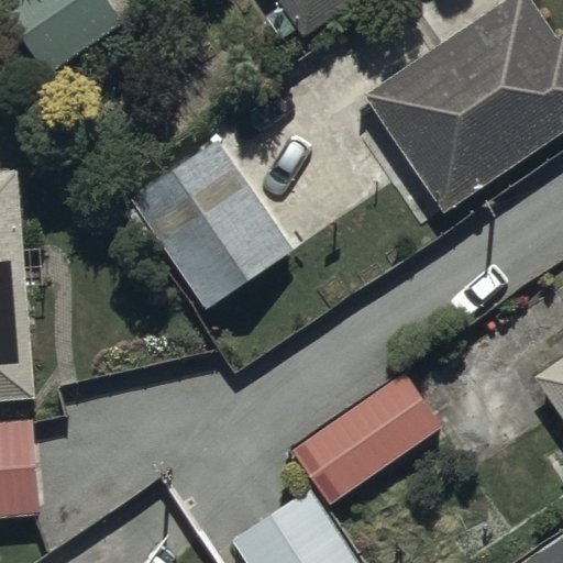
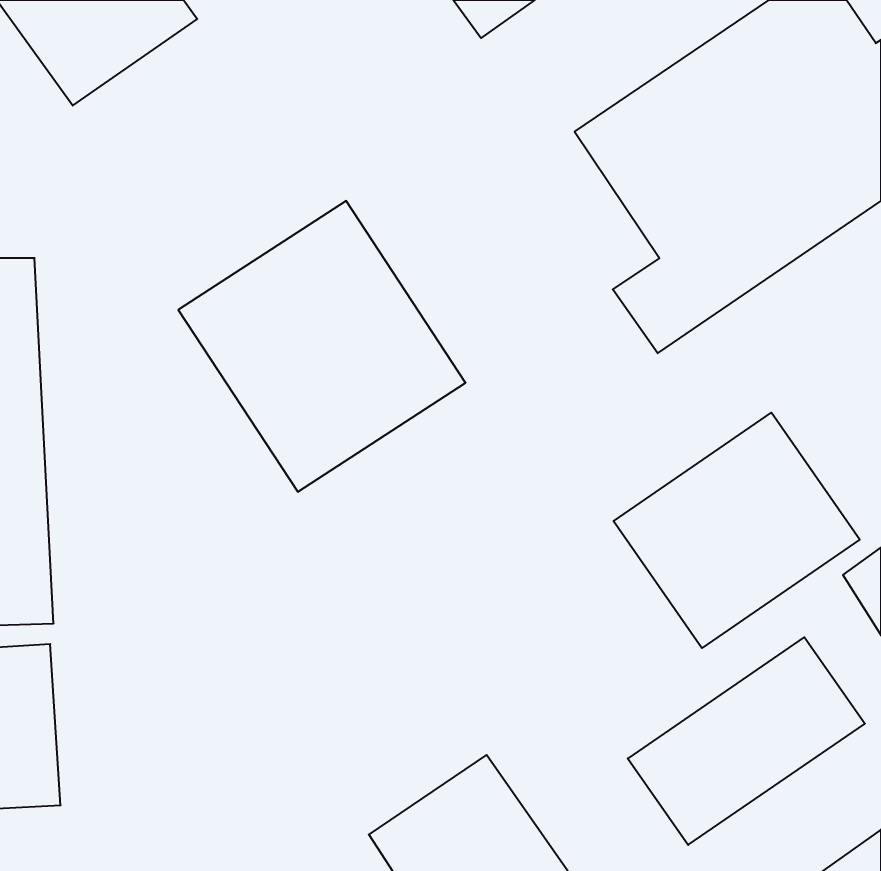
building: none -> [614,413,860,648]
building: [291,369,442,501] -> [628,637,865,845]

